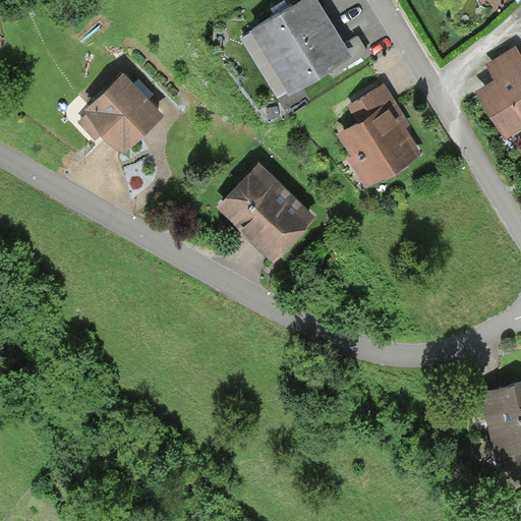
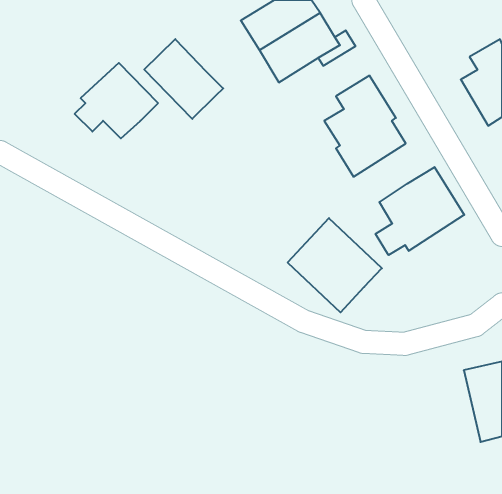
building: none -> [144,39,223,119]
building: [217,163,314,260] -> [288,218,382,312]
building: none -> [376,167,464,255]

